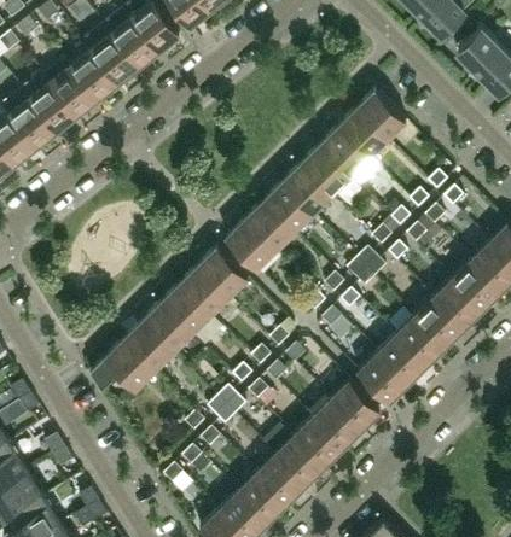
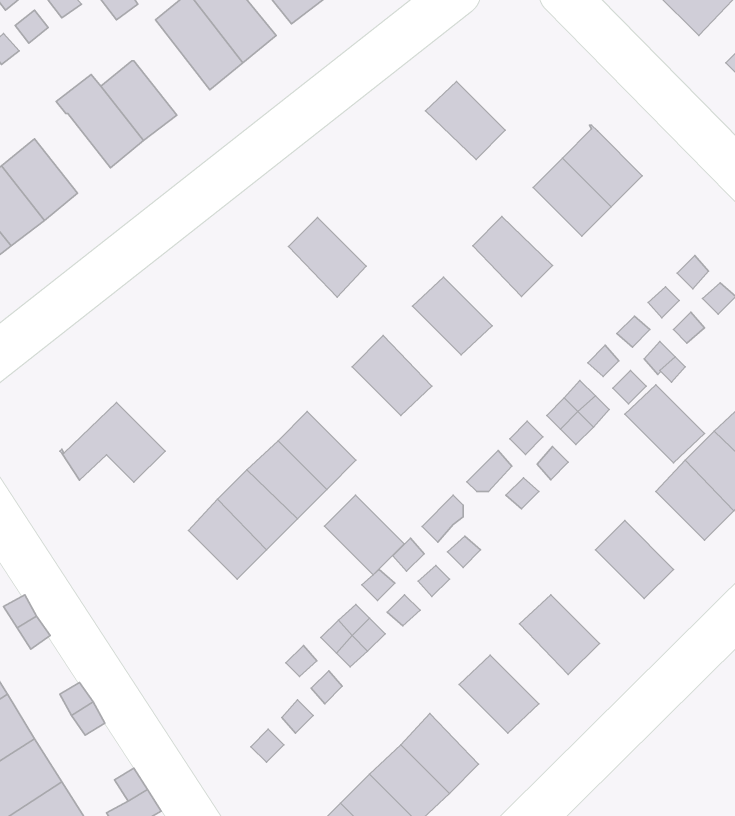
building: [82,24,138,83] -> none
building: [29,82,76,132] -> none
building: [319,128,368,176] -> [425,81,505,159]
building: [283,164,331,214] -> none
building: [245,202,294,251] -> [288,217,366,297]
building: [198,247,248,297] -> [324,495,404,575]
building: [395,316,445,364] -> [625,385,705,463]
building: [89,340,155,390] -> [60,402,165,482]
building: [358,352,407,402] -> none
building: [312,398,360,448] -> none
building: [274,436,323,485] -> none

